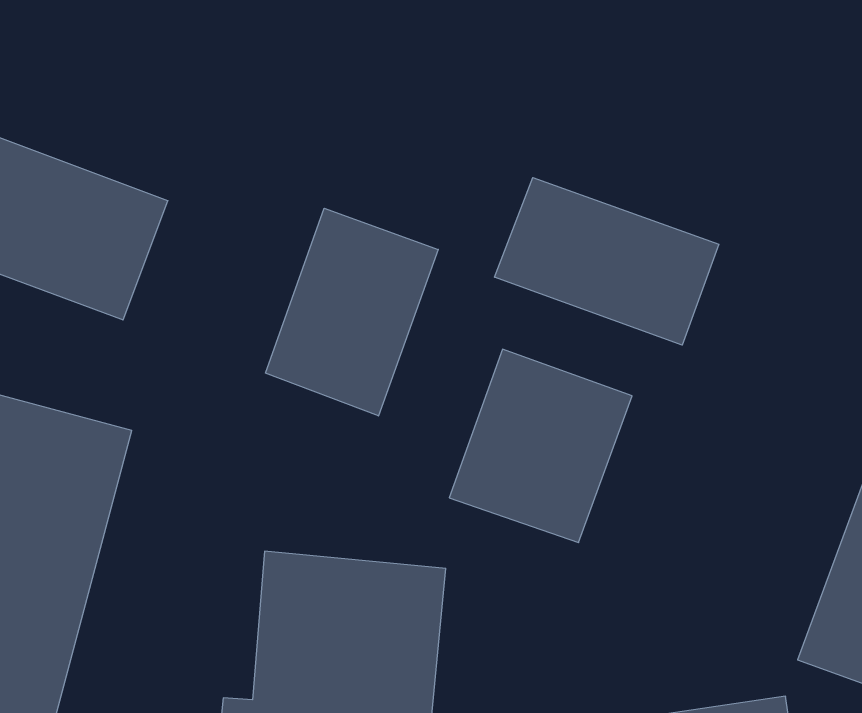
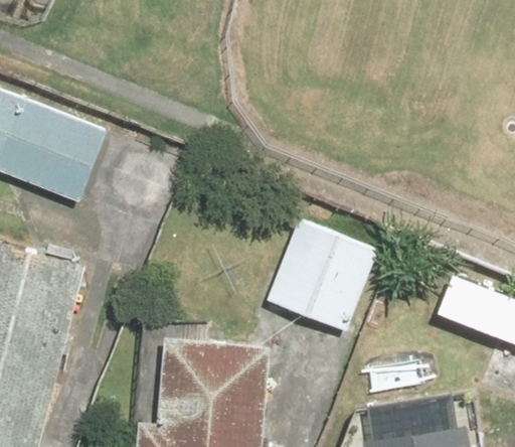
building: [495,178,719,345] -> none
building: [265,208,438,416] -> none

